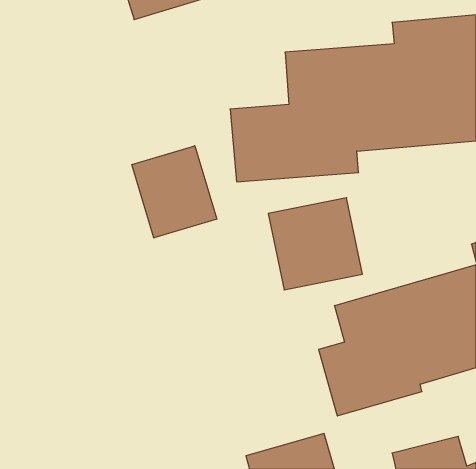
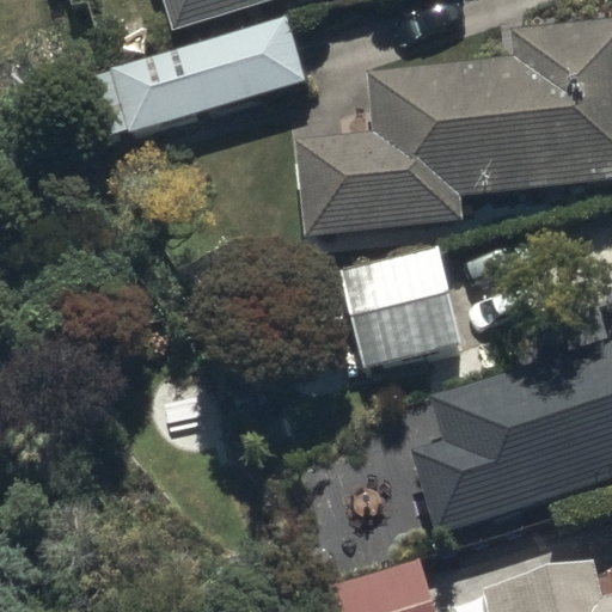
building: none -> [69,17,312,147]
building: [132,146,217,238] -> none

